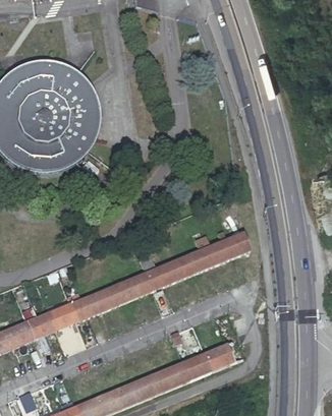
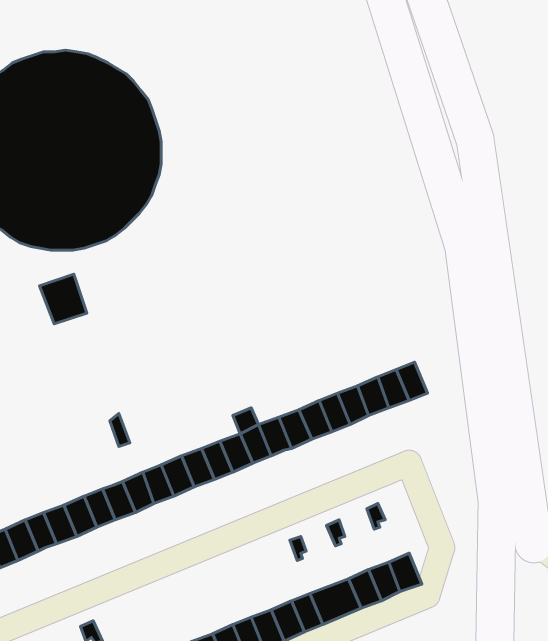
building: none -> [40,274,87,324]

